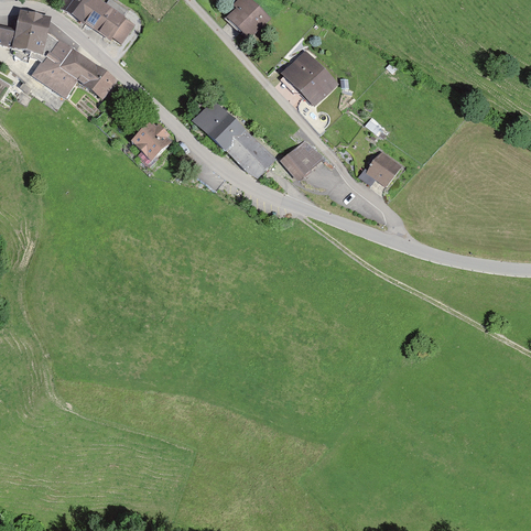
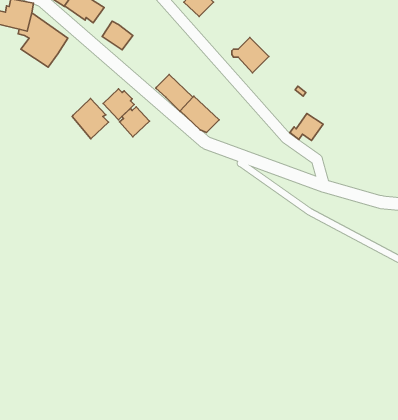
building: [77,61,115,96] -> [102,21,133,50]
building: none -> [72,99,108,139]
building: [282,139,323,178] -> none
building: none -> [119,107,150,137]

